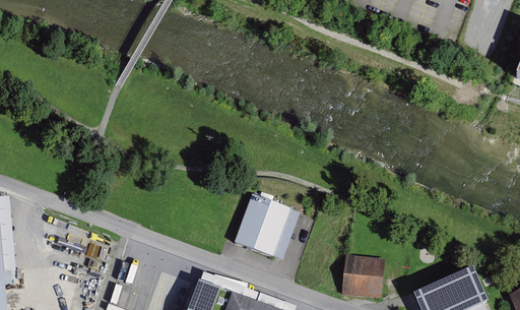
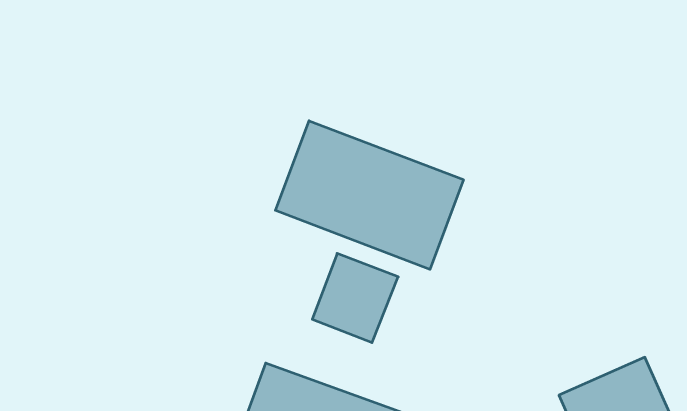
building: none -> [275,121,463,269]
building: [341,254,386,296] -> none

